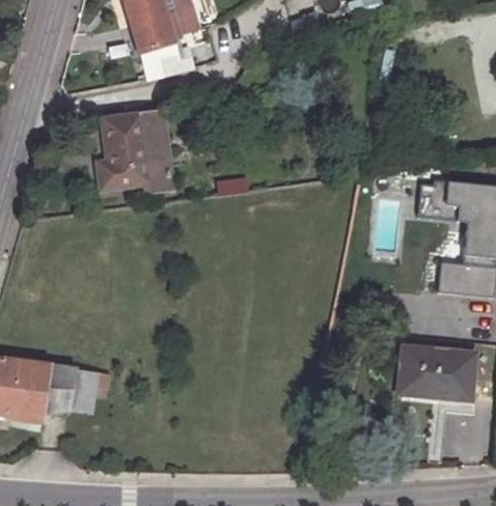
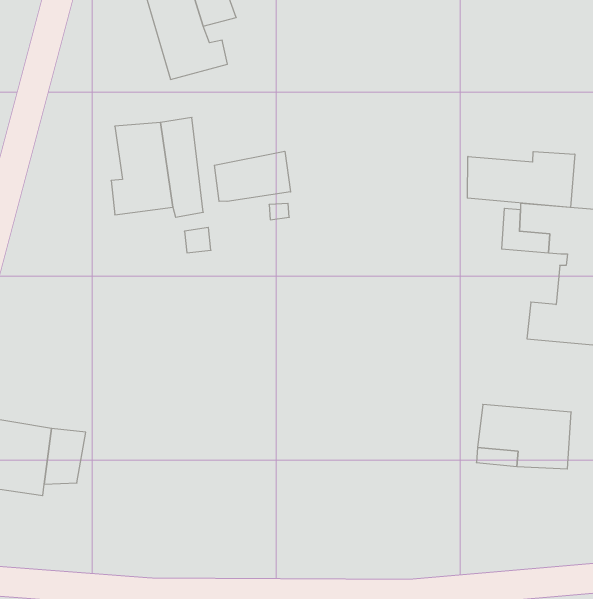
building: none -> [214,151,291,201]
building: none -> [467,152,575,207]
building: [70,368,99,412] -> none

